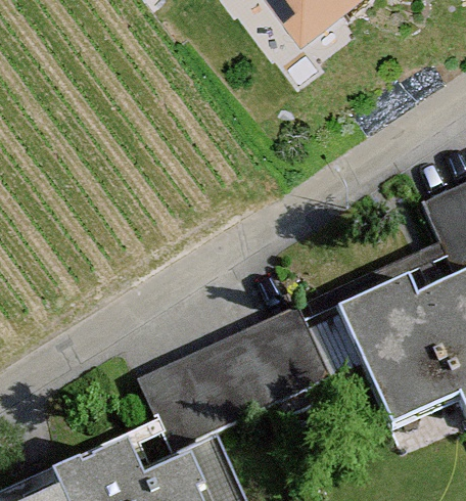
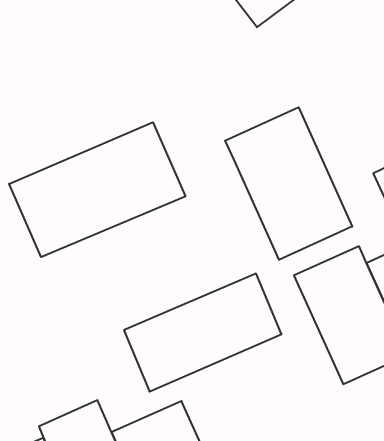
building: none -> [225,107,352,260]
building: none -> [9,122,185,257]

